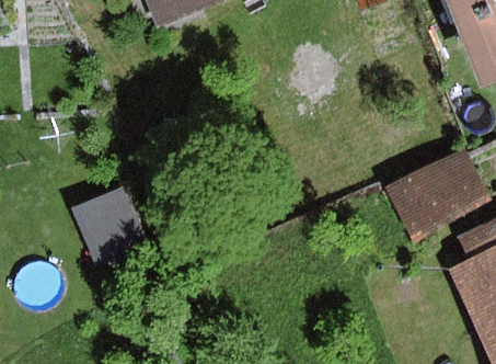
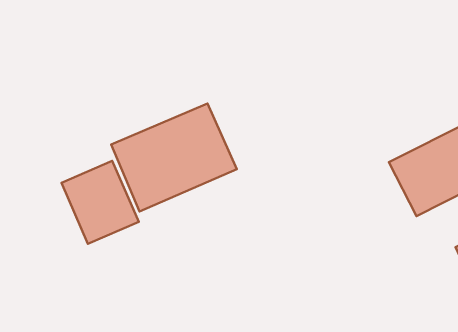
building: none -> [111,103,237,211]

